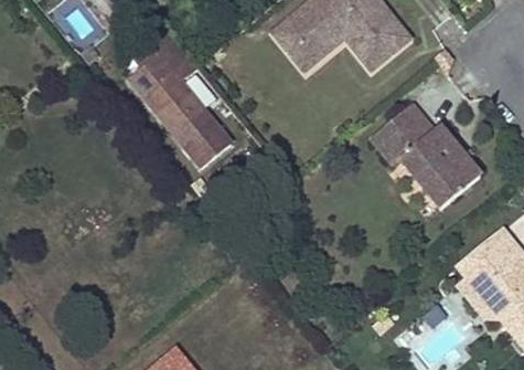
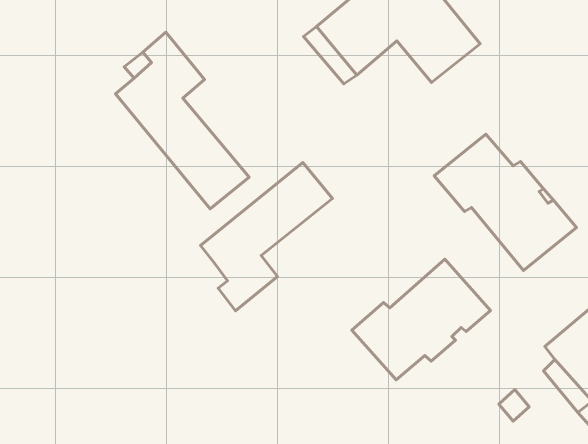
building: none -> [200,162,332,311]
building: none -> [352,259,490,380]

